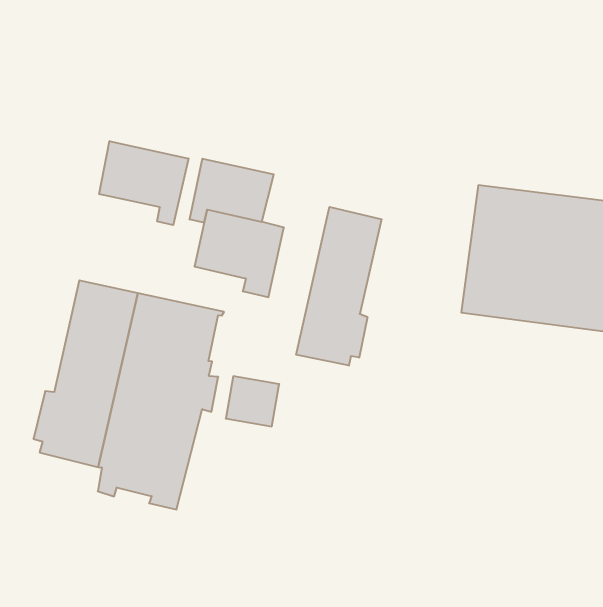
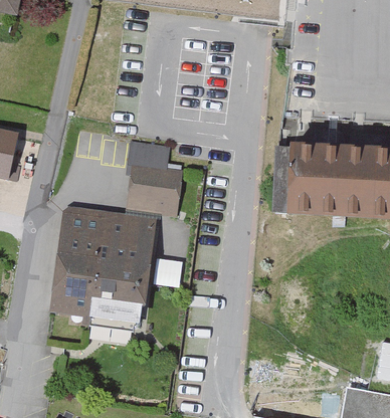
building: [99,141,188,225] -> none
building: [296,207,382,366] -> none

